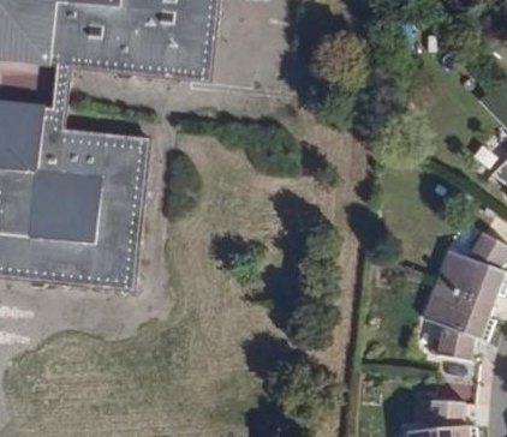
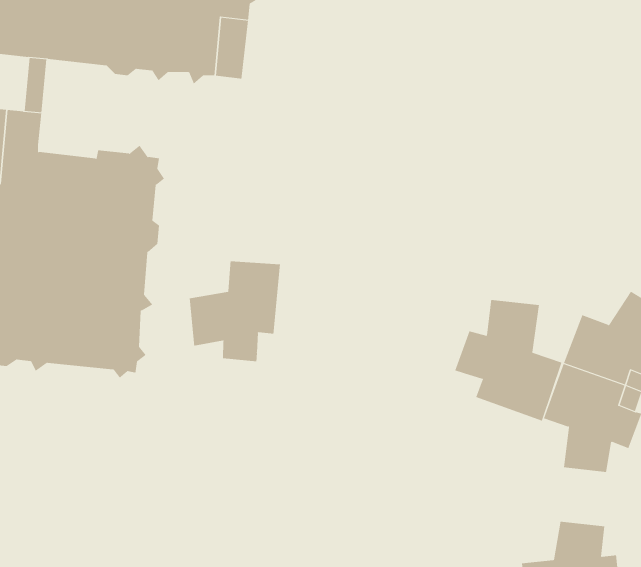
building: none -> [189,260,280,362]
building: none -> [454,299,562,422]

